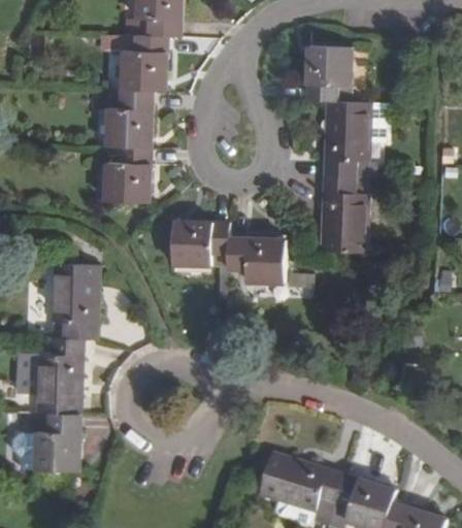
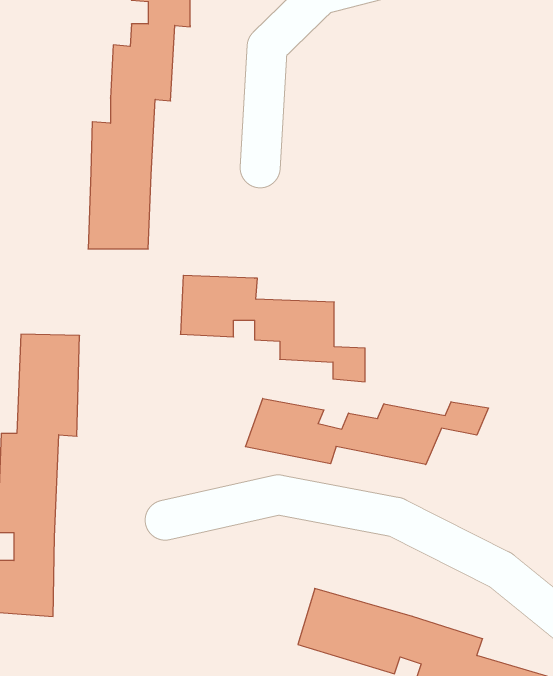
building: [306,47,369,254] -> none
building: none -> [245,398,488,465]

